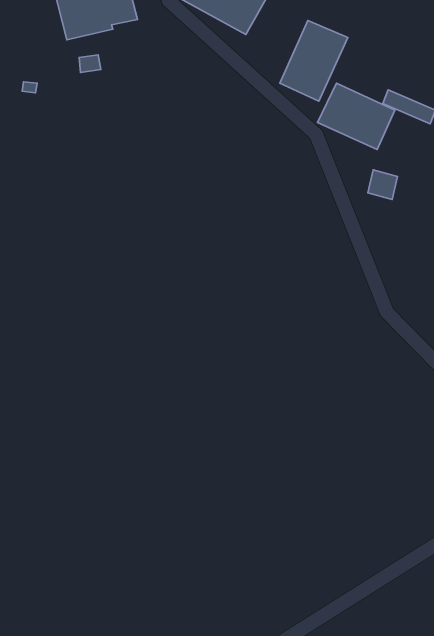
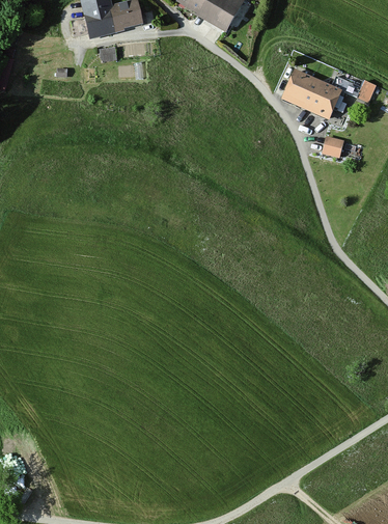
building: [280,20,348,101] -> none

